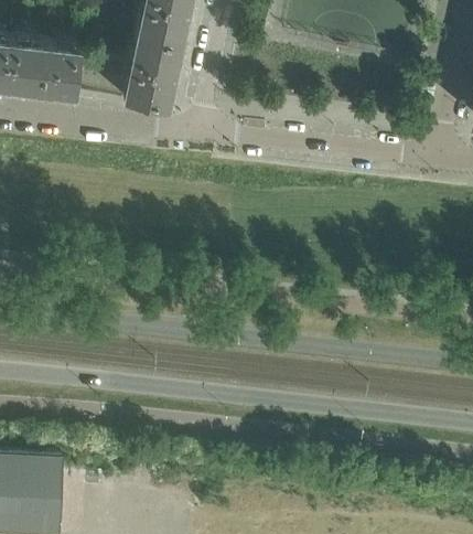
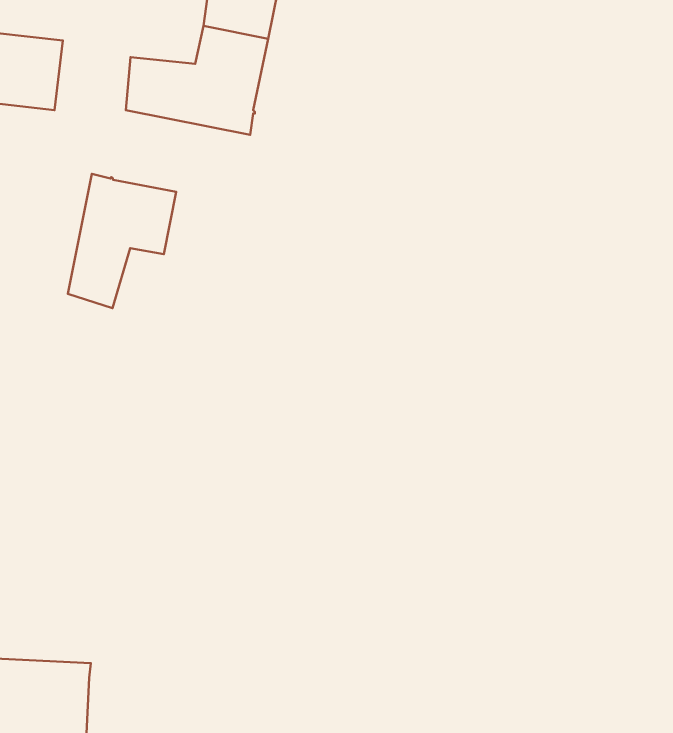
building: [37,44,88,95] -> none
building: none -> [68,174,176,308]

